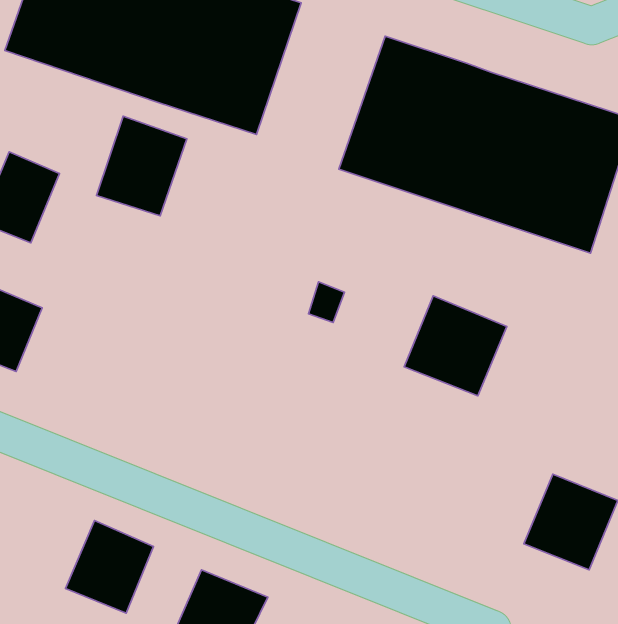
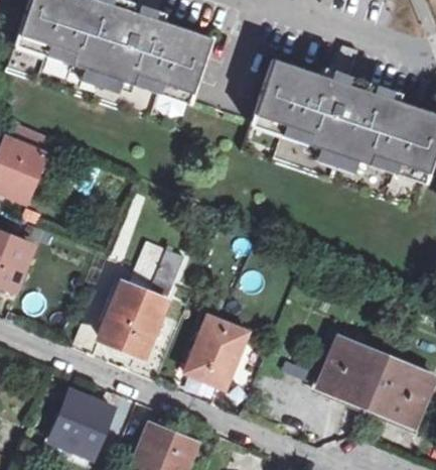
building: [97,116,187,216] -> none
building: [404,296,507,396] -> [318,339,390,408]
building: none -> [96,243,180,357]
building: none -> [187,312,246,381]

